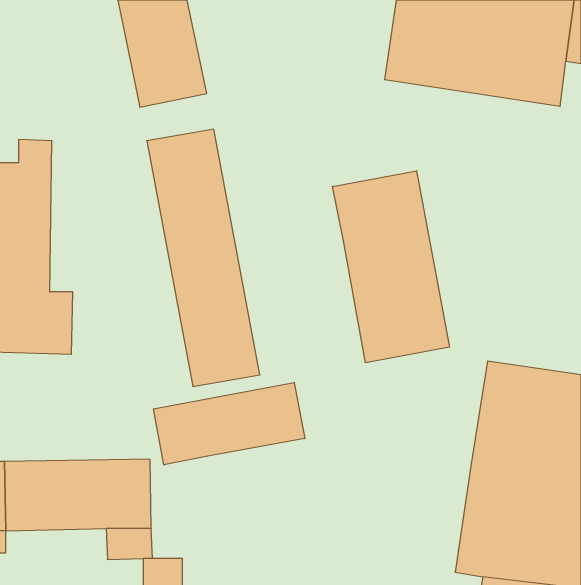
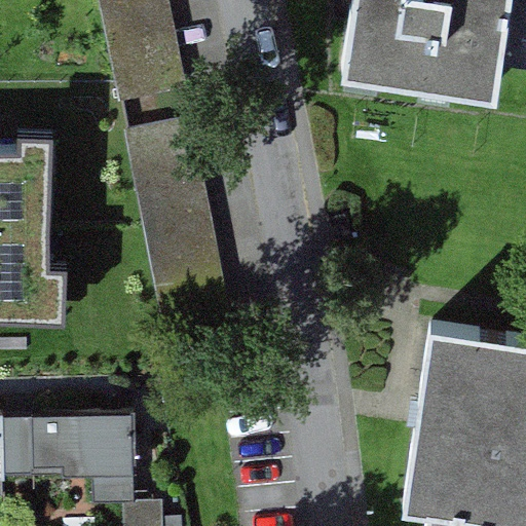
building: [332,171,450,363] -> none
building: [153,382,305,465] -> none

